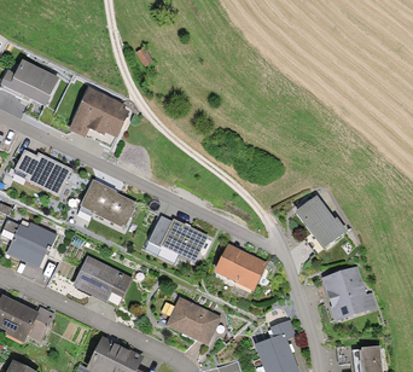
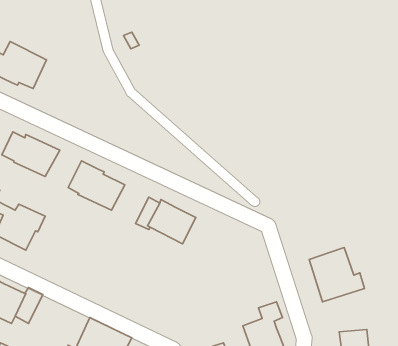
building: [68,88,127,147] -> none
building: [295,194,348,255] -> none
building: [214,243,267,295] -> none
building: [72,256,133,301] -> none
building: [167,297,221,344] -> none

